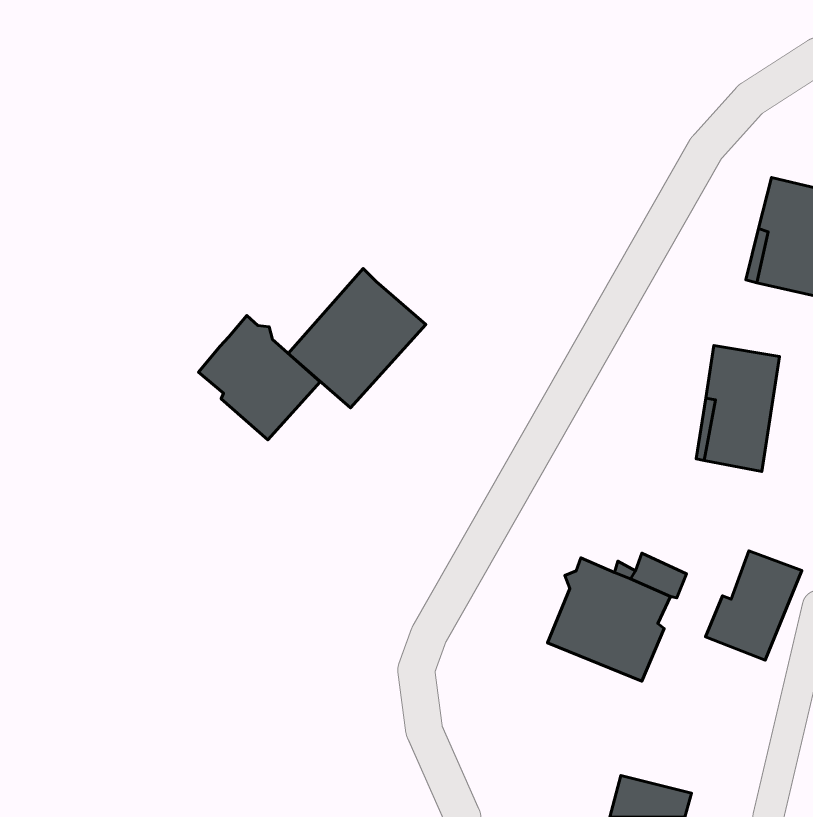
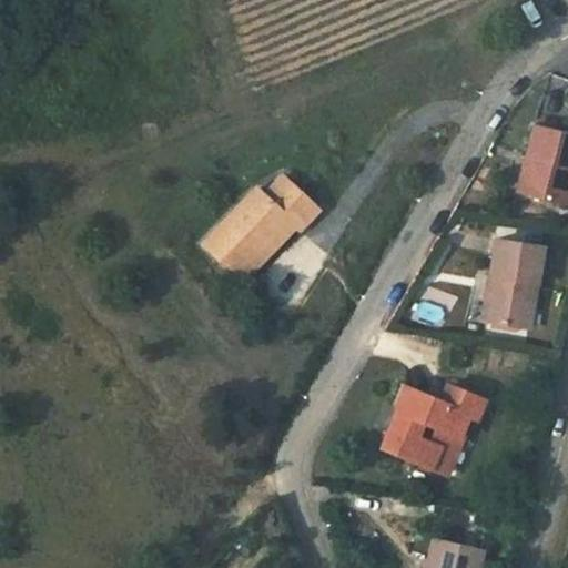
building: none -> [264,176,315,225]
building: [199,315,320,440] -> none
building: [706,551,802,660] -> none

